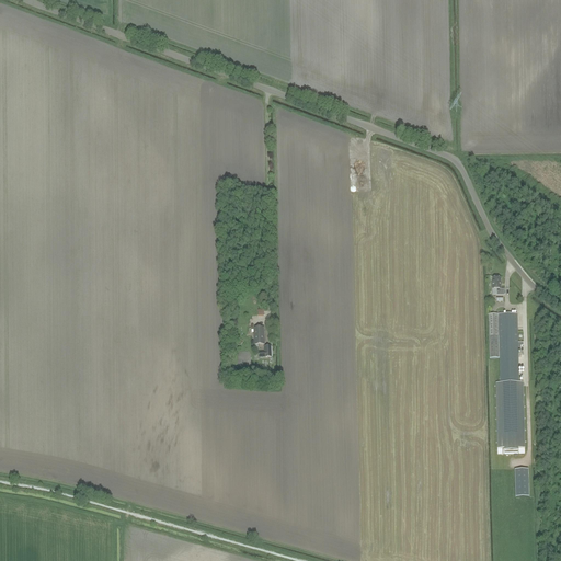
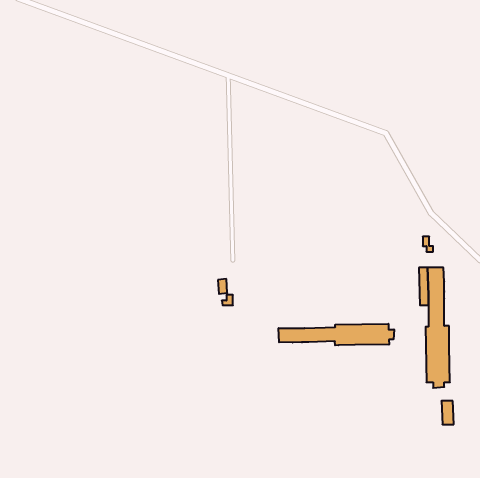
building: none -> [279,324,394,345]

